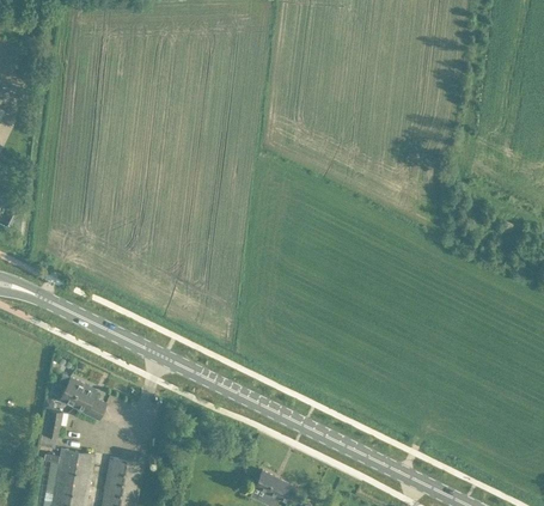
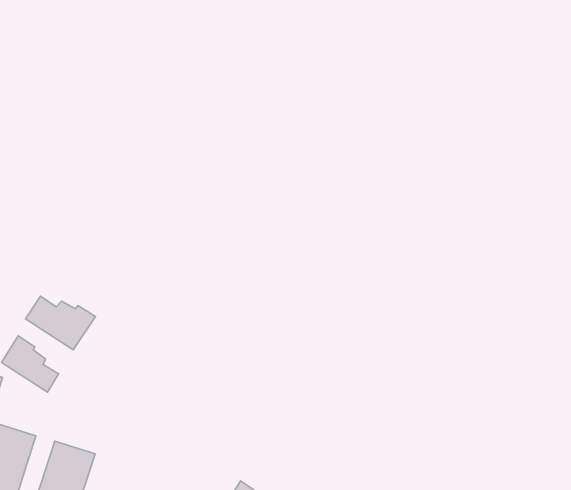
building: none -> [25,296,95,350]

